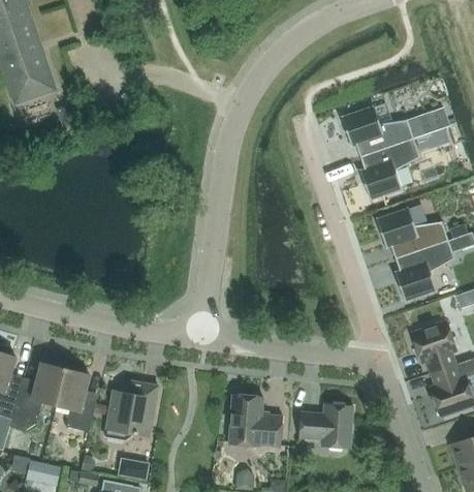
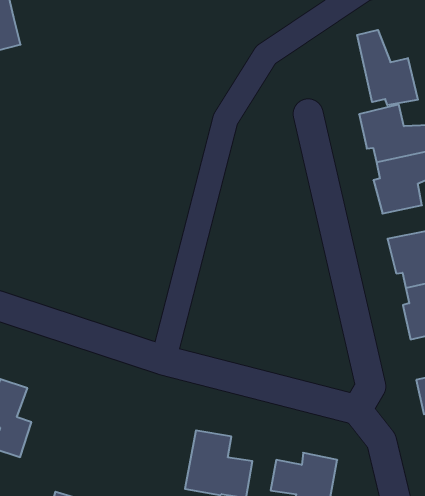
building: none -> [357,30,418,105]
building: [104,380,157,439] -> none

